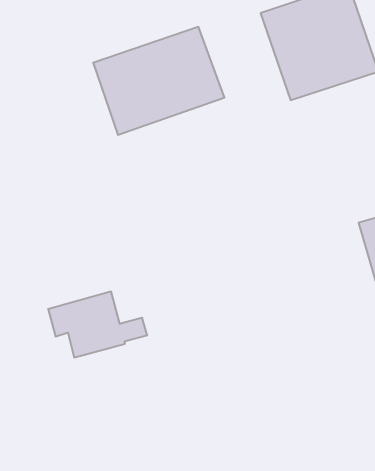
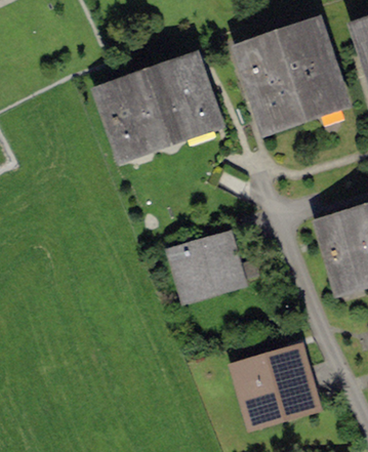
building: [48,292,147,357] -> [175,240,257,294]
building: none -> [239,353,312,413]

